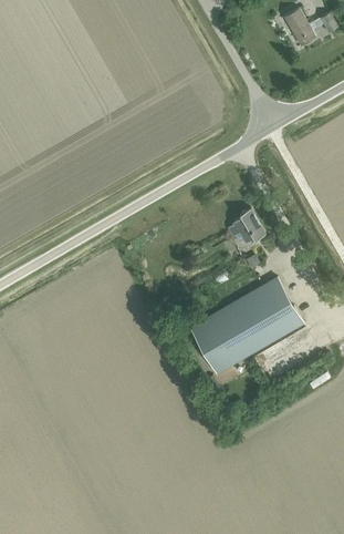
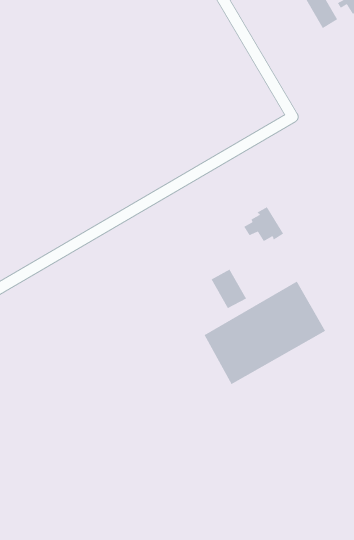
building: none -> [210,269,247,309]

